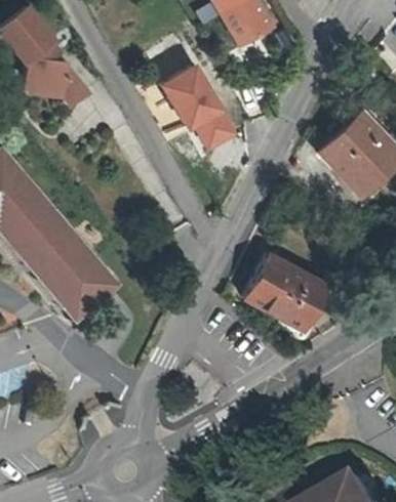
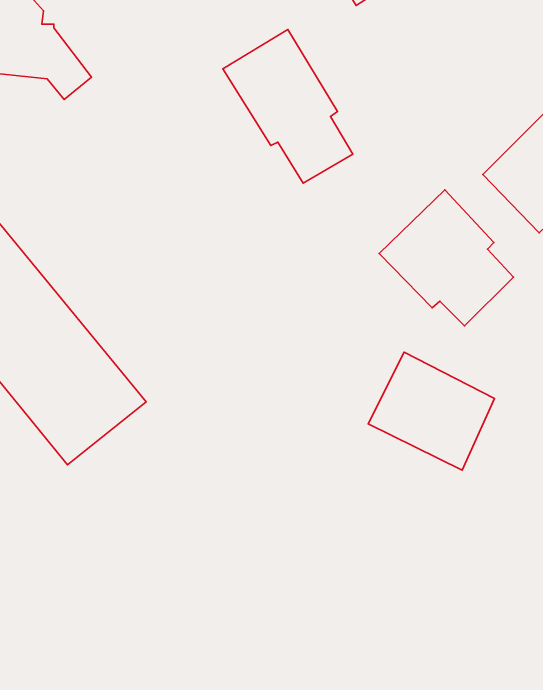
building: none -> [379,190,514,326]

